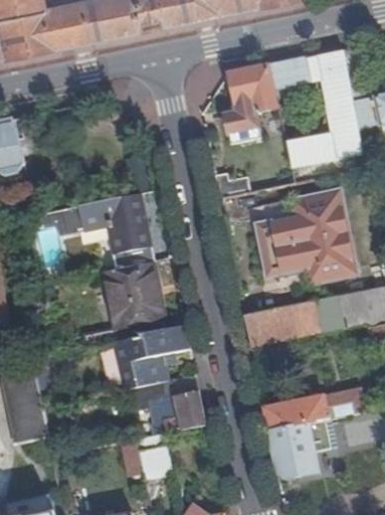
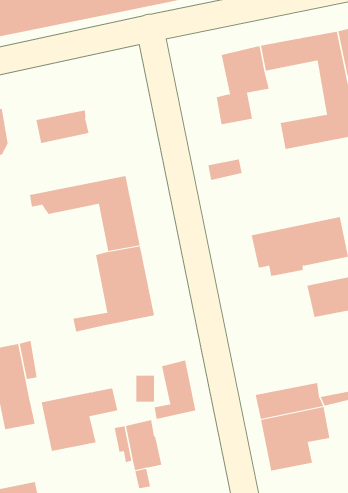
building: none -> [36,110,89,144]
building: [251,192,346,250] -> none
building: [244,300,320,345] -> none
building: [115,325,190,387] -> [41,388,118,452]

